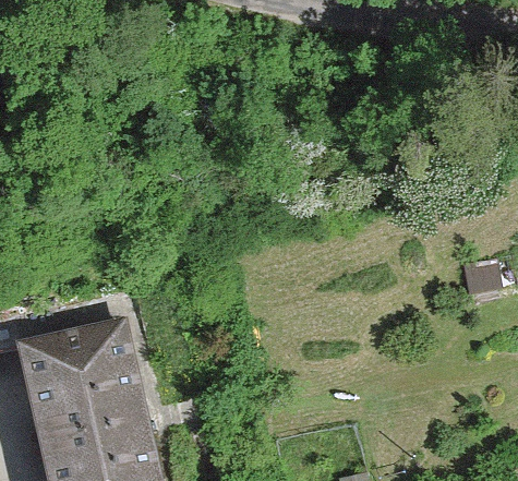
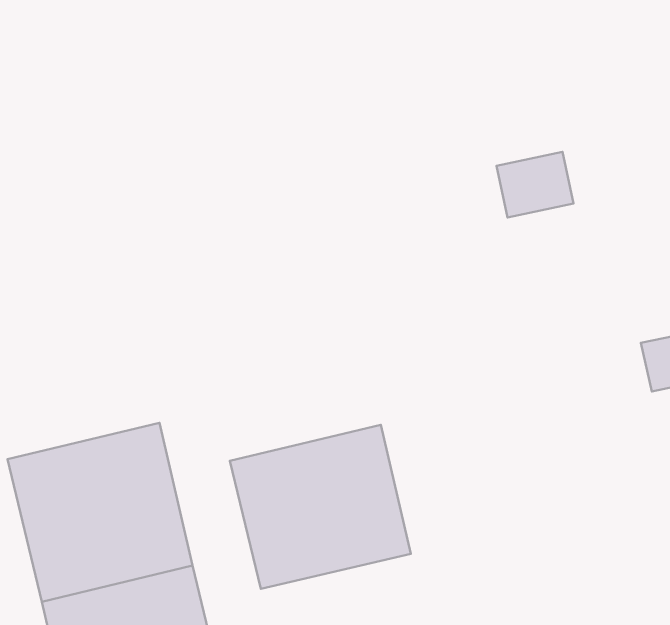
building: none -> [230,425,411,589]

